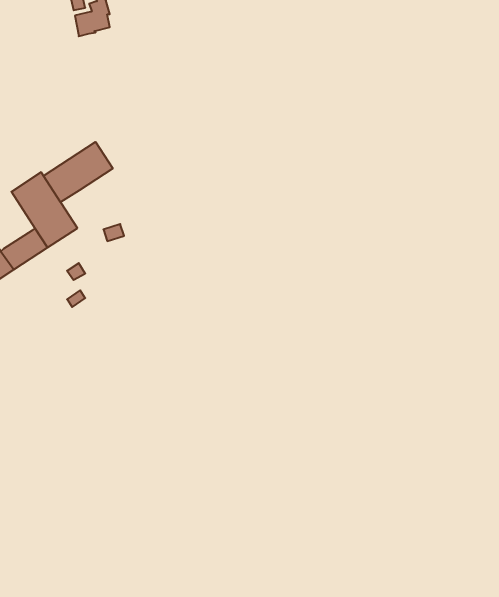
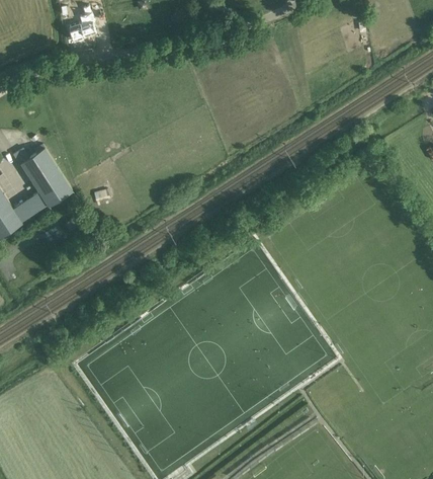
building: [43,142,113,202] -> none

